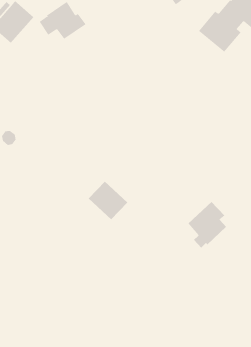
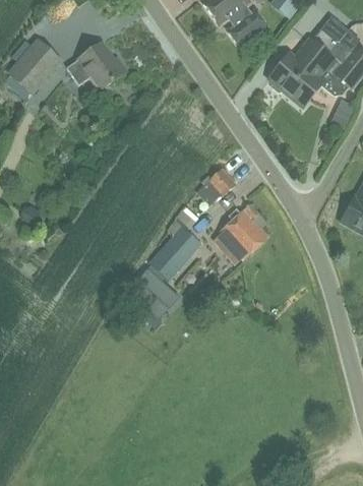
building: none -> [196,169,235,206]
building: none -> [148,226,202,282]
building: [187,201,227,249] -> [219,203,268,263]

